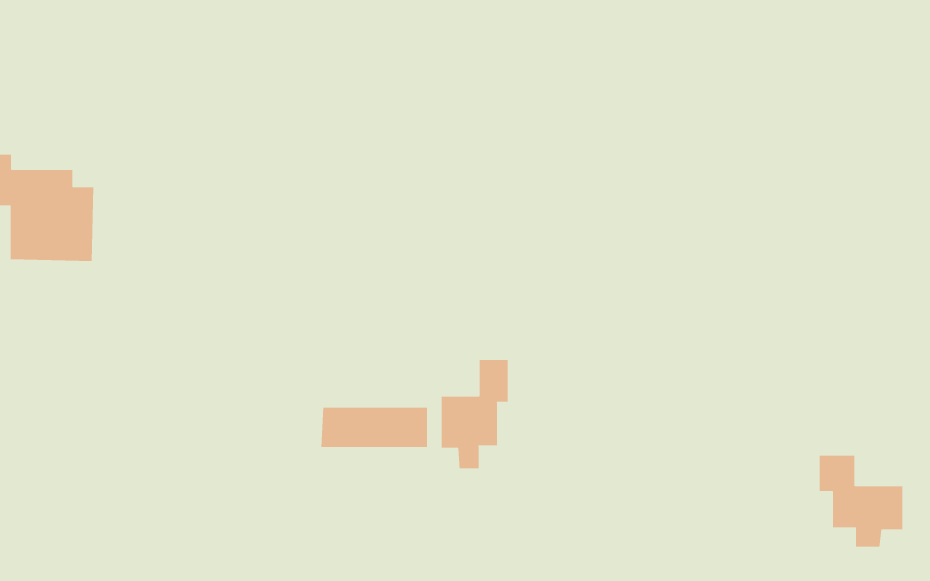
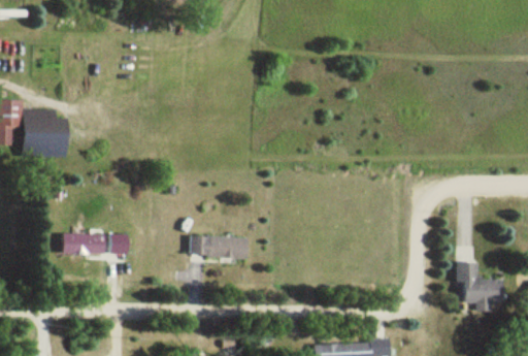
building: [441,359,508,469] -> none
building: none -> [64,234,127,256]

